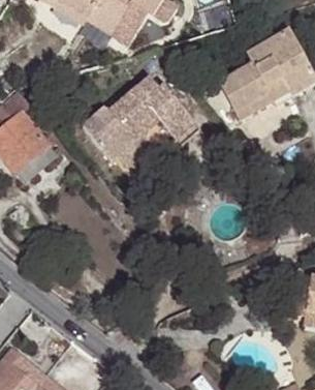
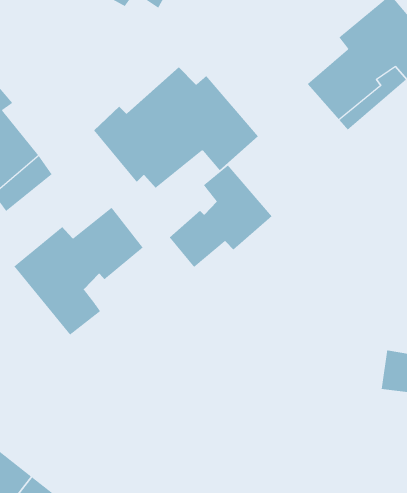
building: none -> [169,164,272,268]
building: none -> [14,207,143,336]

